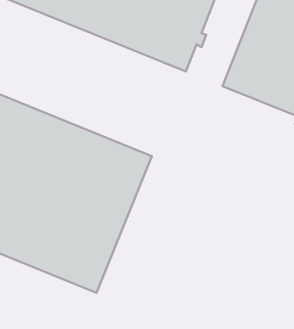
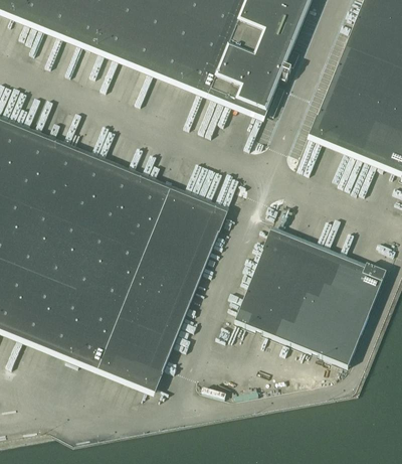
building: none -> [233,235,385,365]

